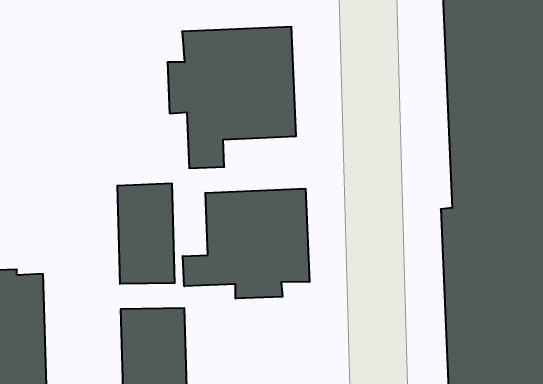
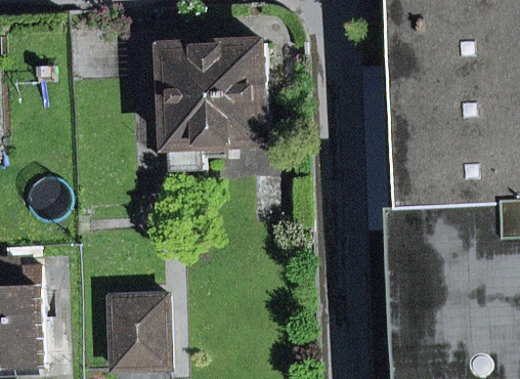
building: [117,183,175,284] -> none
building: [183,189,310,299] -> none

